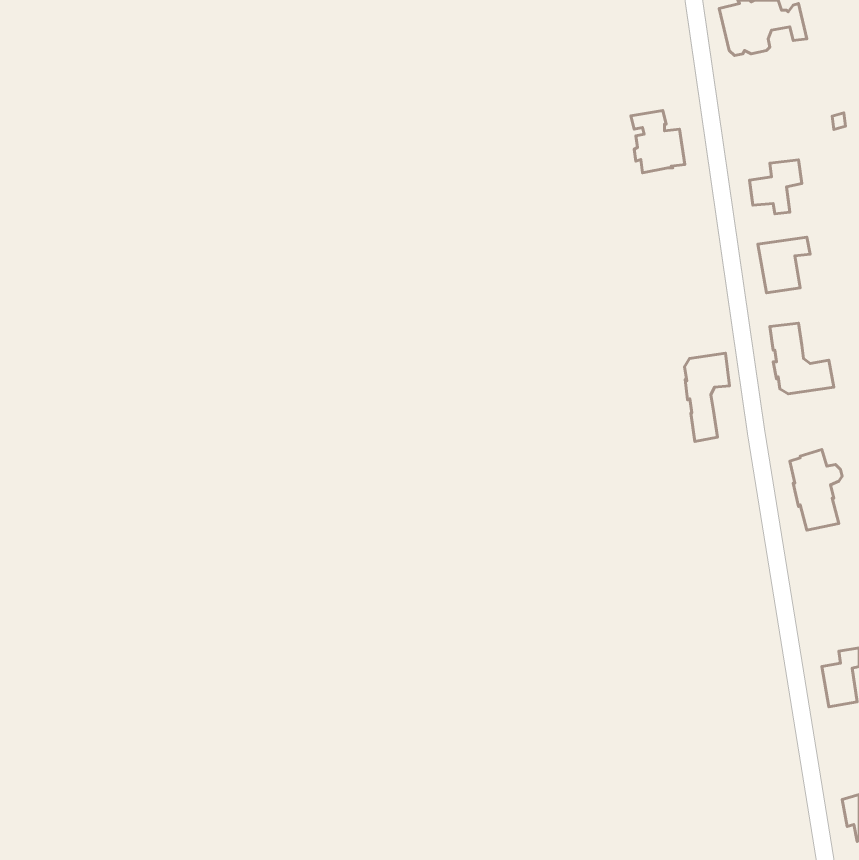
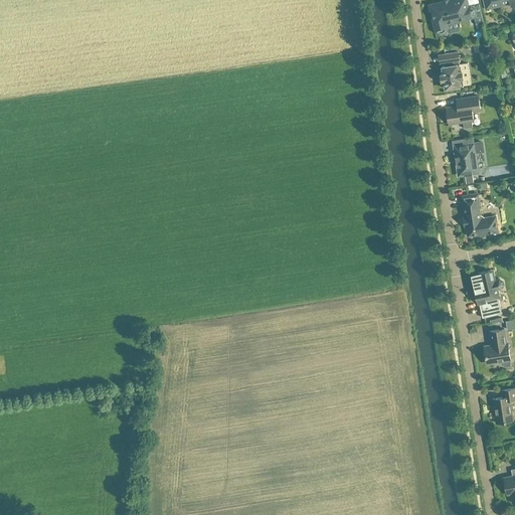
building: [631,111,685,173] -> [438,51,470,89]
building: [685,353,729,441] -> none
building: none -> [483,329,509,365]

